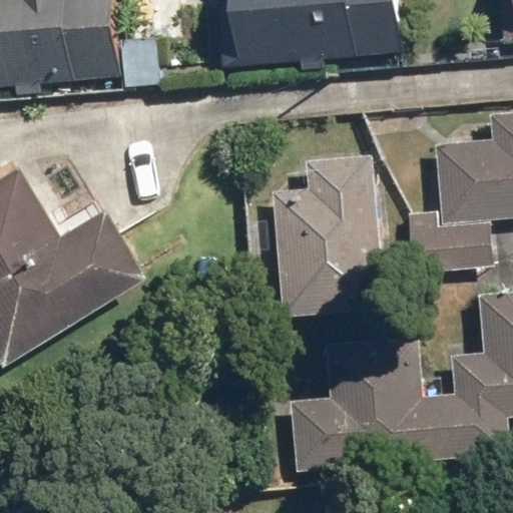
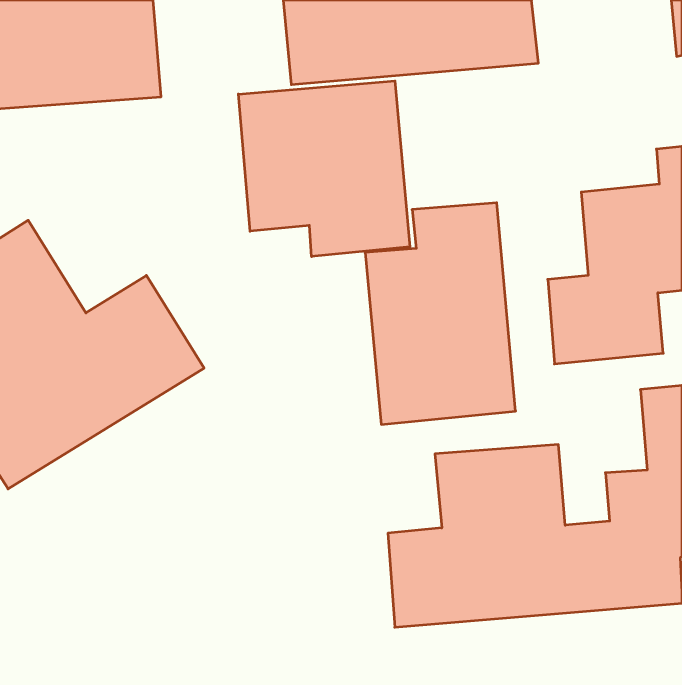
building: none -> [238,81,410,257]

